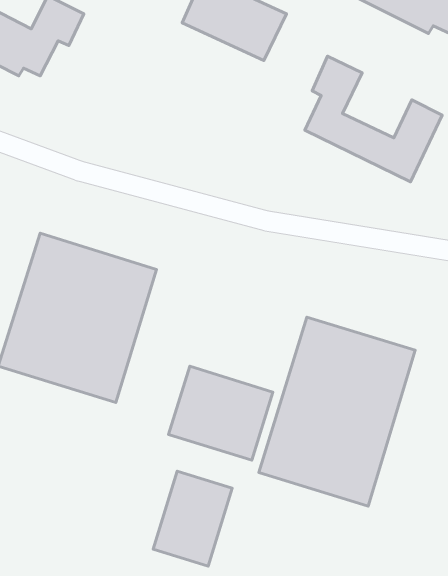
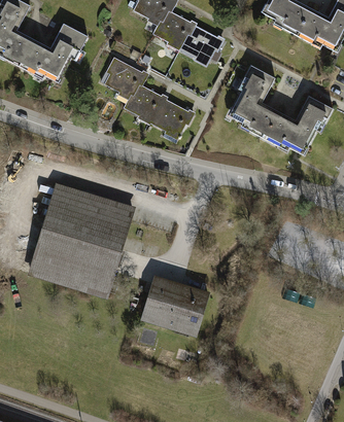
building: none -> [101,56,195,138]
building: [259,317,415,506] -> none
building: [153,471,232,566] -> none

